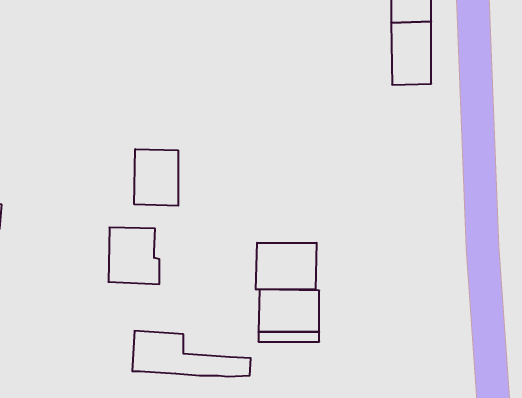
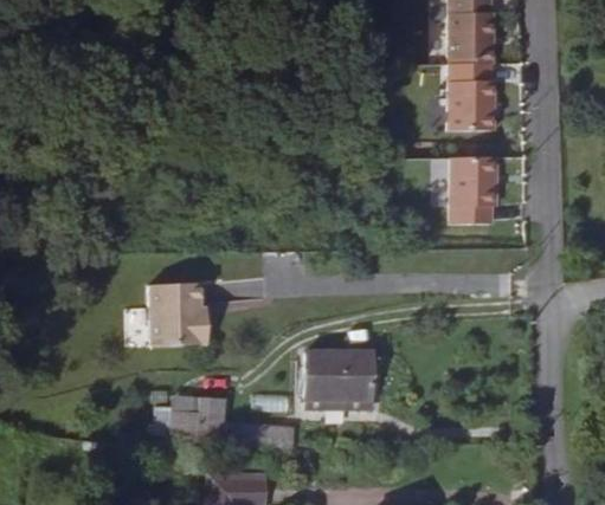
building: none -> [452,154,500,214]
building: [134,149,178,206] -> none
building: [256,243,317,290] -> none

